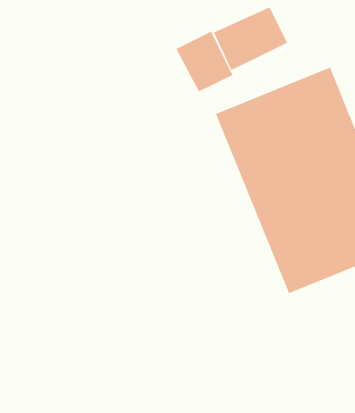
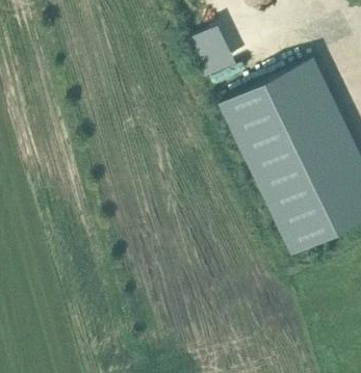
building: [213,6,288,71] -> none

